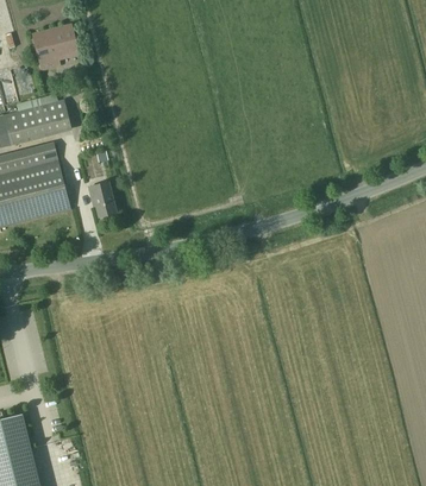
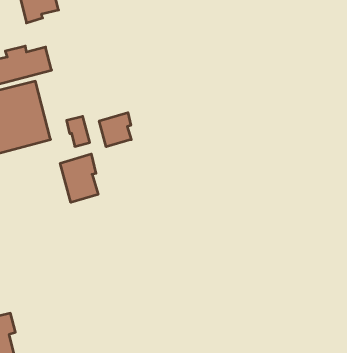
building: none -> [99,113,131,147]
building: none -> [60,154,98,202]

